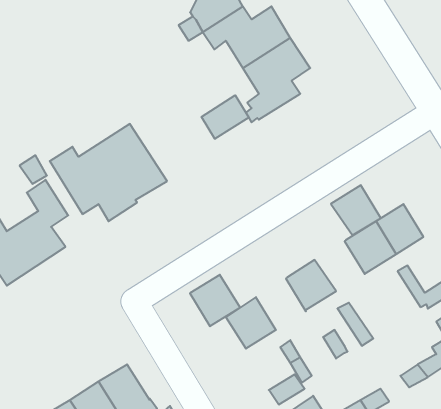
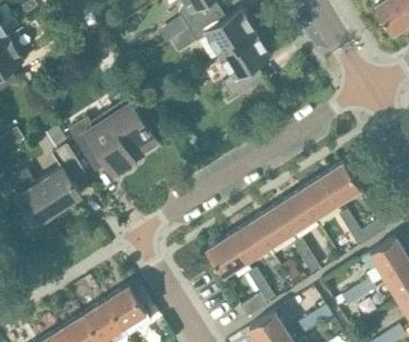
building: [202,95,249,139] -> none
building: [331,185,381,235] -> [275,192,313,231]
building: [190,275,240,326] -> [229,221,268,261]

